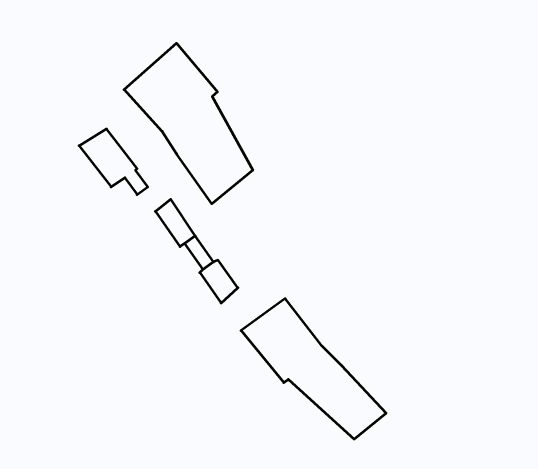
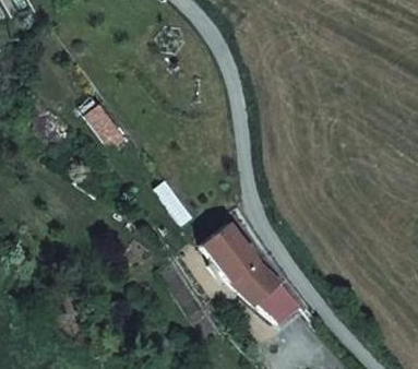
building: [124,43,253,204] -> none

